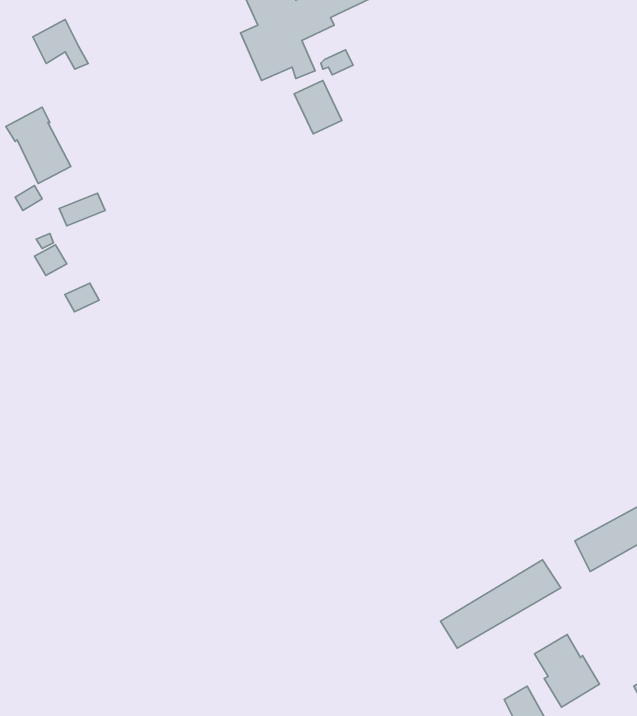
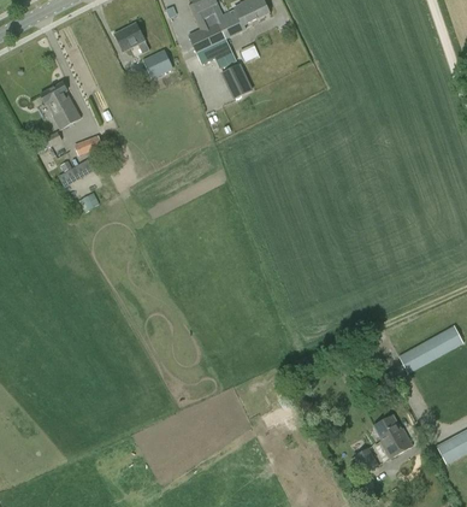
building: [33,19,88,69] -> [116,22,150,53]
building: none -> [142,48,173,78]
building: [441,560,561,648] -> none

